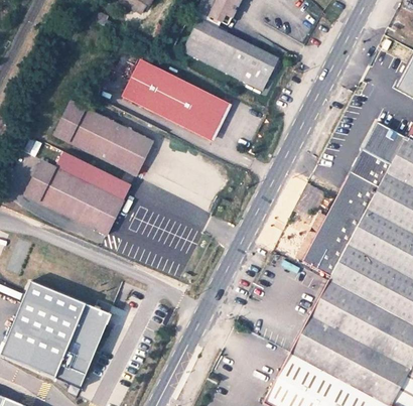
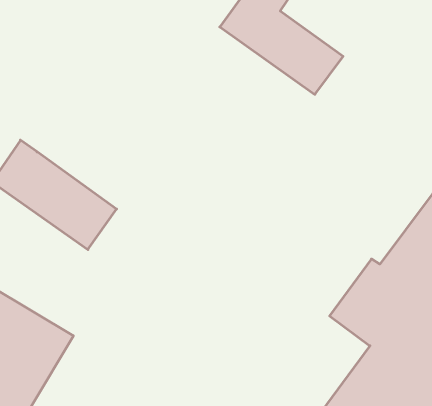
building: [126,60,230,139] -> none
building: [54,101,153,176] -> none
building: [56,149,133,201] -> none

